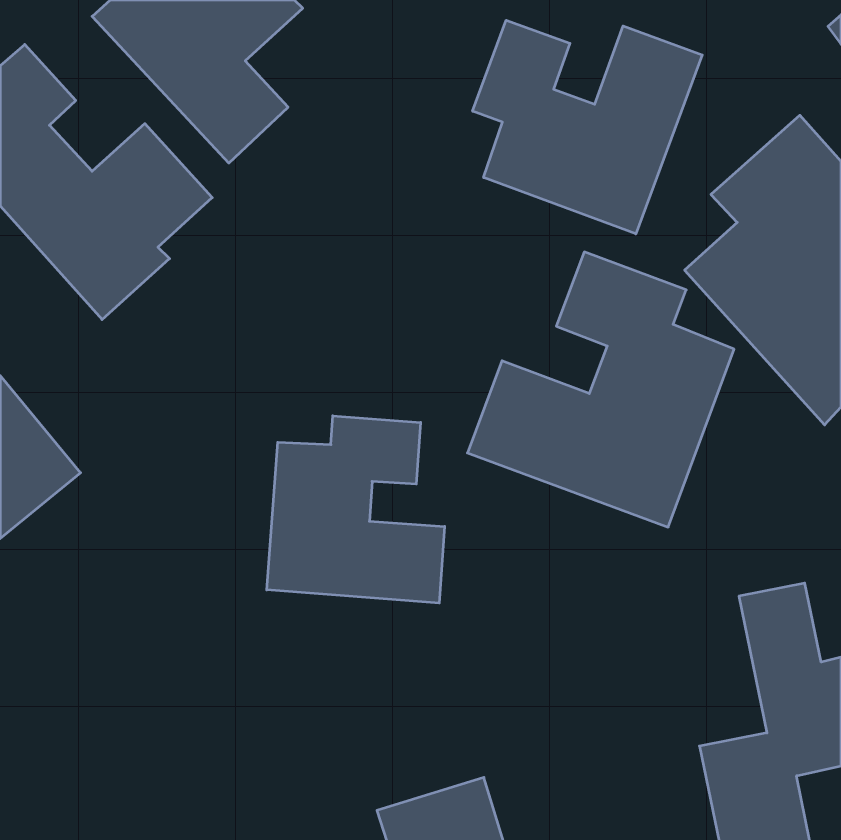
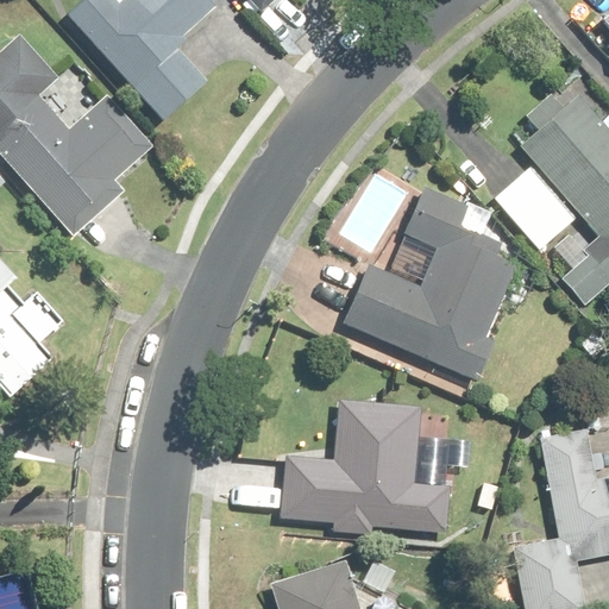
building: [473,20,702,234] -> none
building: [267,416,445,603] -> none
building: none -> [276,398,453,533]

